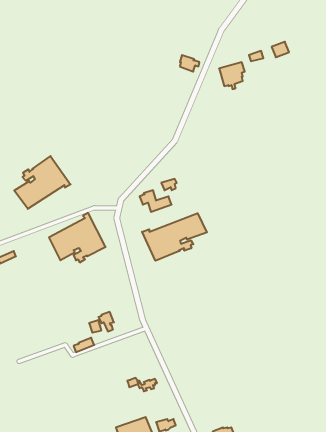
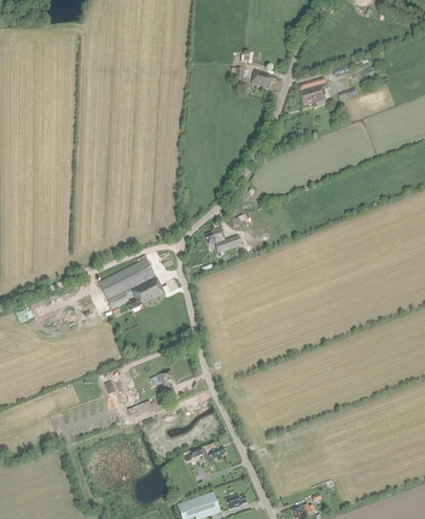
building: [14,156,71,209] -> none
building: [142,213,207,261] -> none

